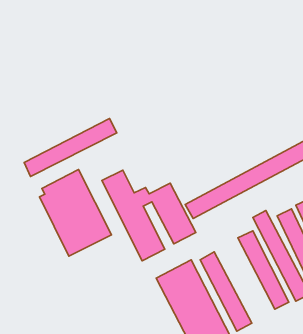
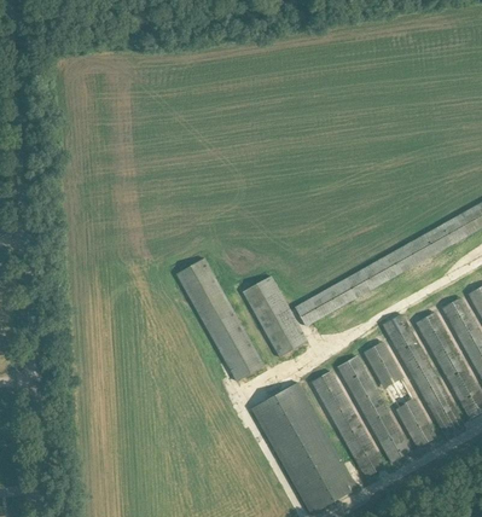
building: [24,118,117,177] -> none
building: [39,169,112,256] -> none
building: none -> [338,355,407,465]

